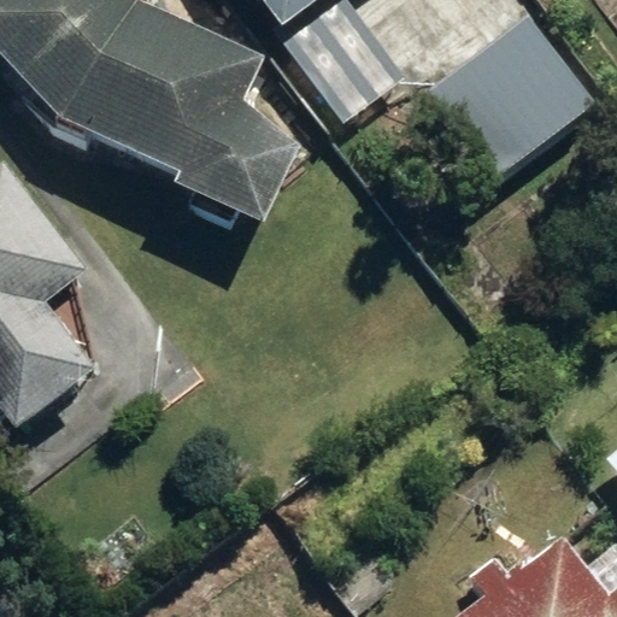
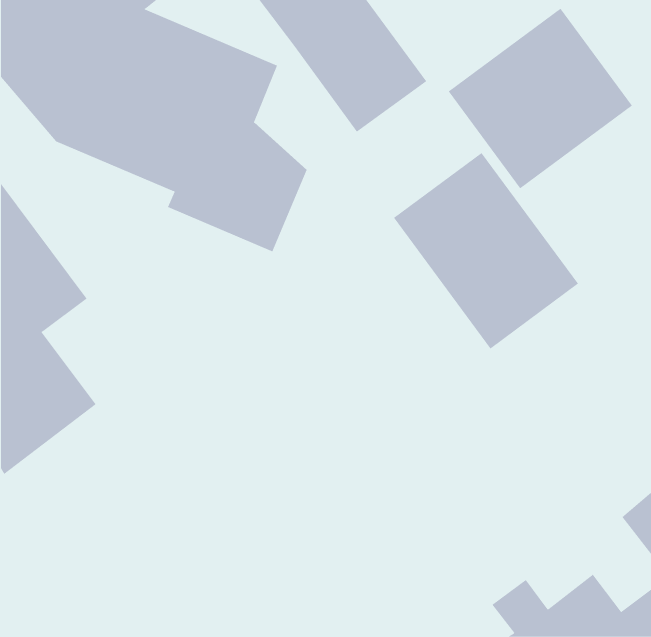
building: none -> [393,152,579,349]

